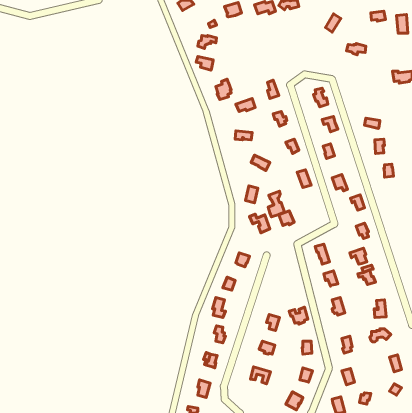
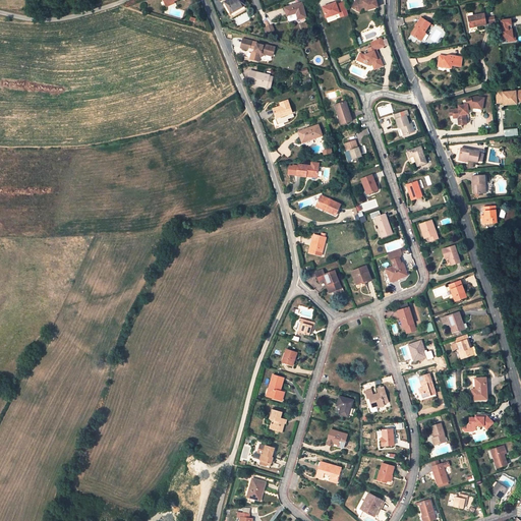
building: none -> [355,38,384,68]
building: none -> [452,97,482,124]
building: [268,191,284,217] -> [386,248,406,281]

